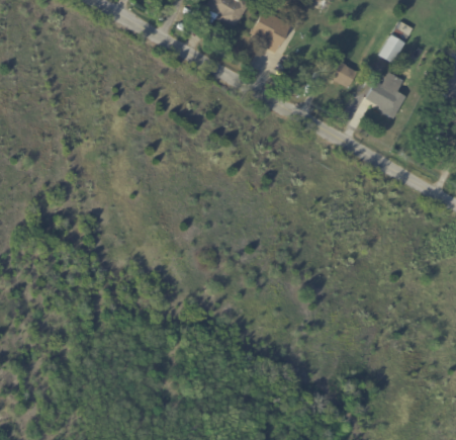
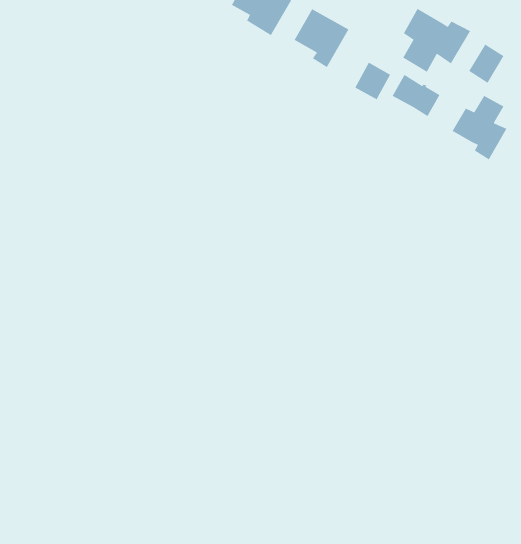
building: none -> [402,8,471,73]
building: none -> [354,61,391,101]

